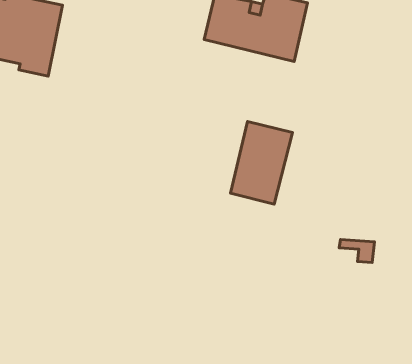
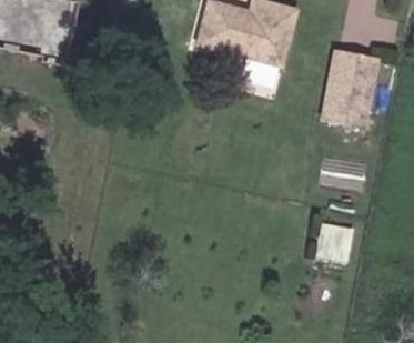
building: [230,121,293,204] -> [322,47,378,122]

